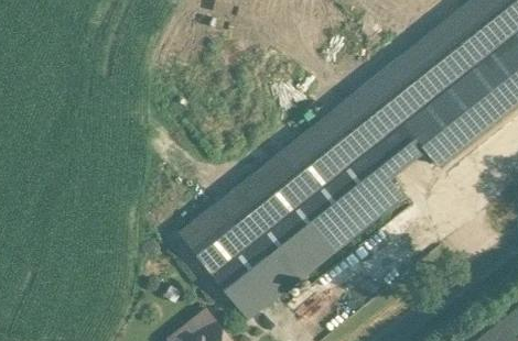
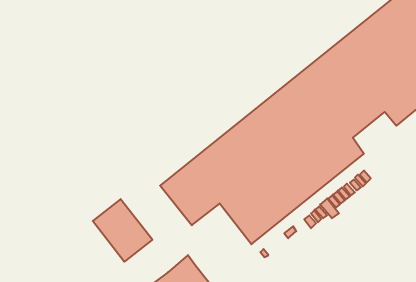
building: [215,252,281,321] -> [93,199,152,262]

